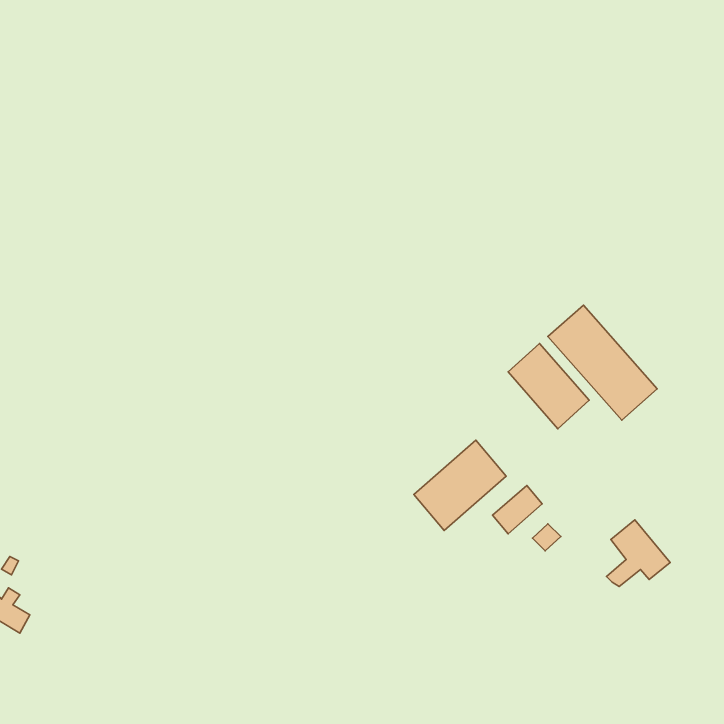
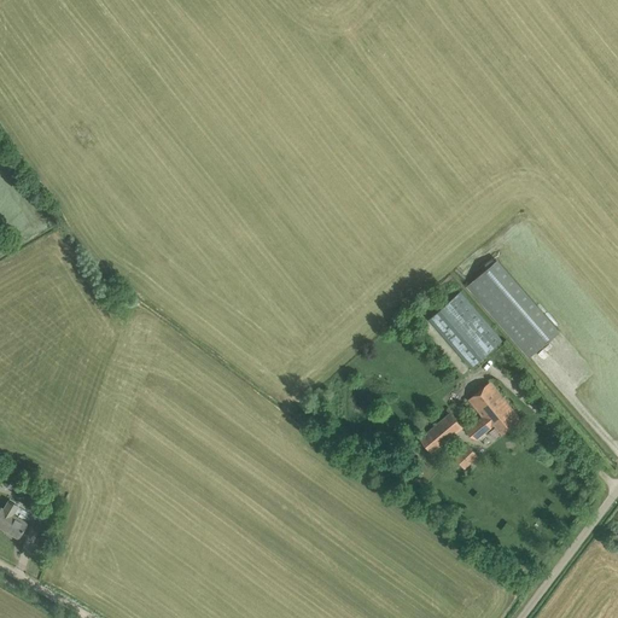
building: [414,440,506,530] -> none
building: [606,520,670,586] -> [465,384,519,441]

